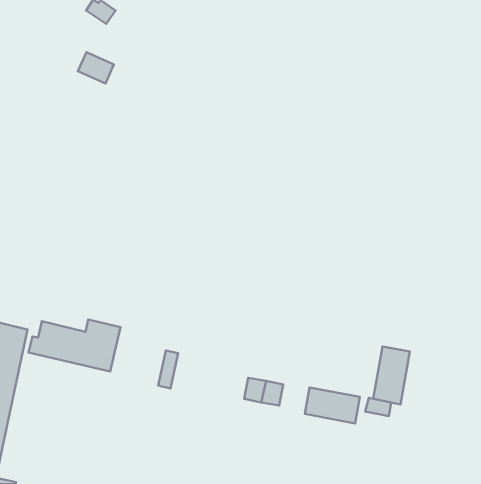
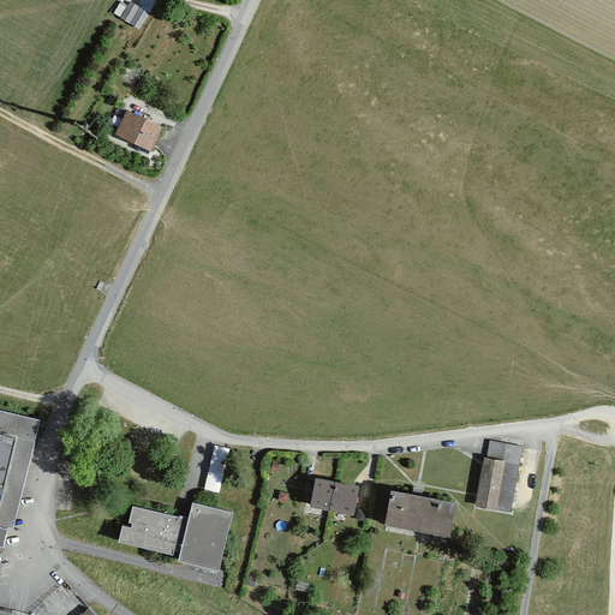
building: [78,52,114,84] -> [114,111,160,150]
building: [29,319,120,372] -> [115,502,232,568]
building: [365,398,391,416] -> none

